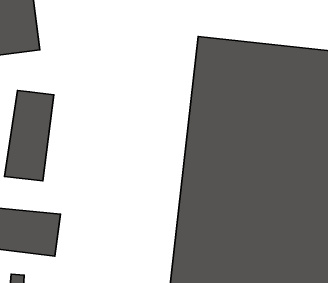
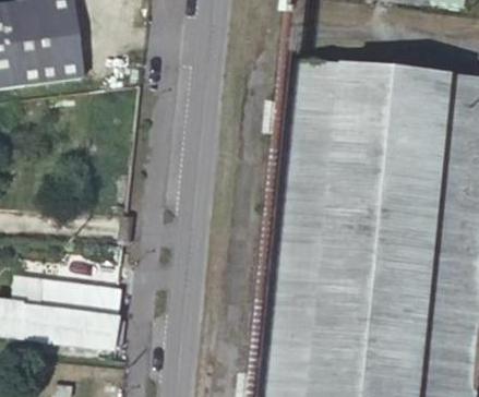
building: [4,90,54,181] -> none

